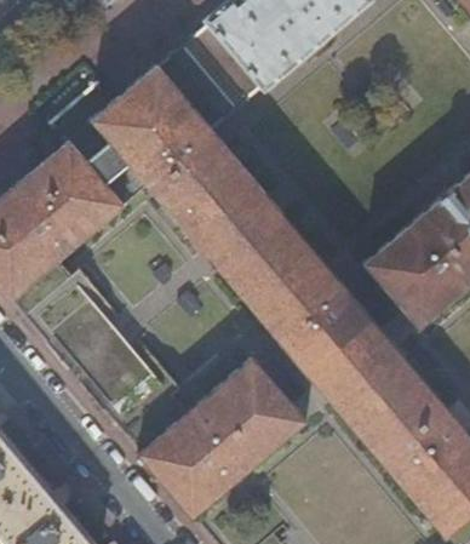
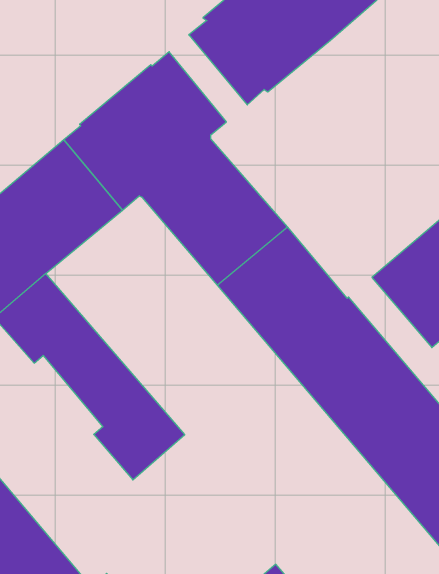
building: [137,359,308,521] -> none

